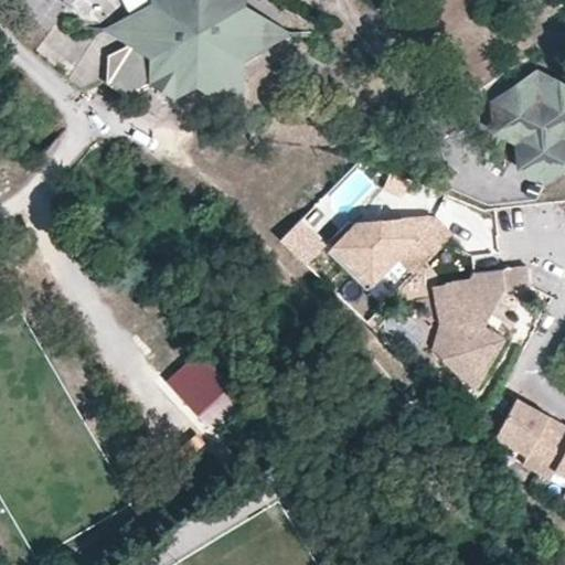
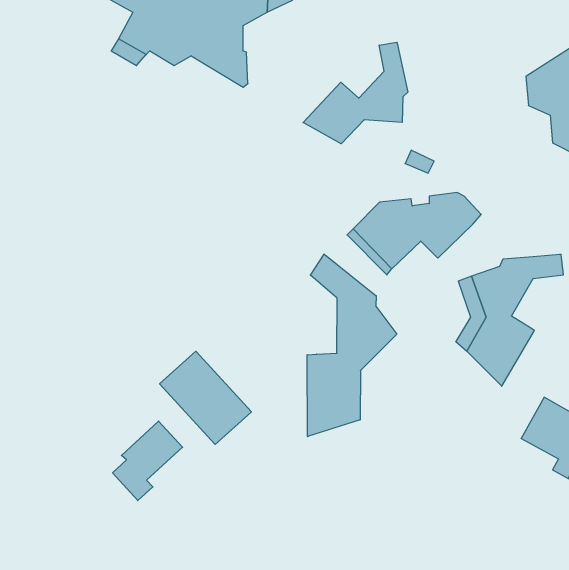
building: none -> [303,42,408,144]
building: none -> [307,254,397,437]
building: none -> [113,421,183,501]

